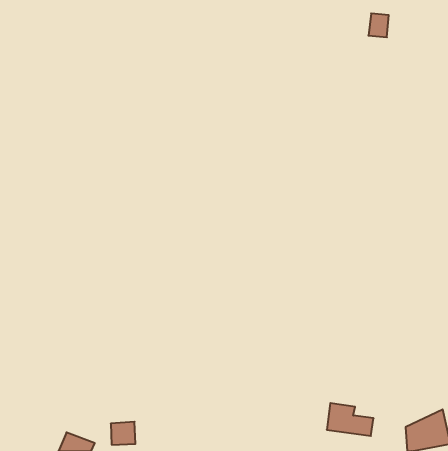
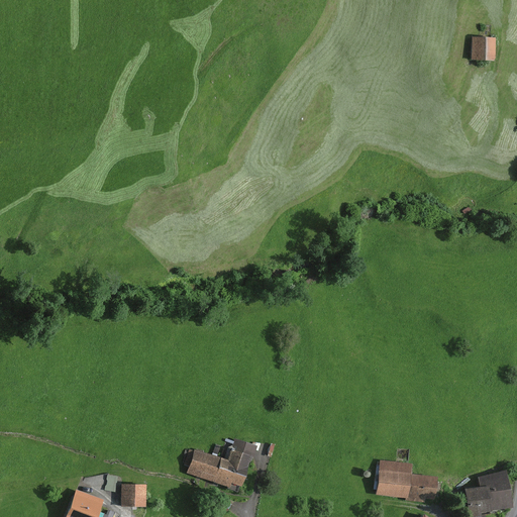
building: [368,13,389,37] -> [468,34,491,62]
building: none -> [186,440,251,488]

